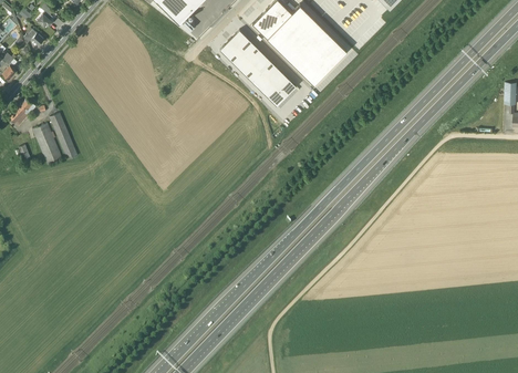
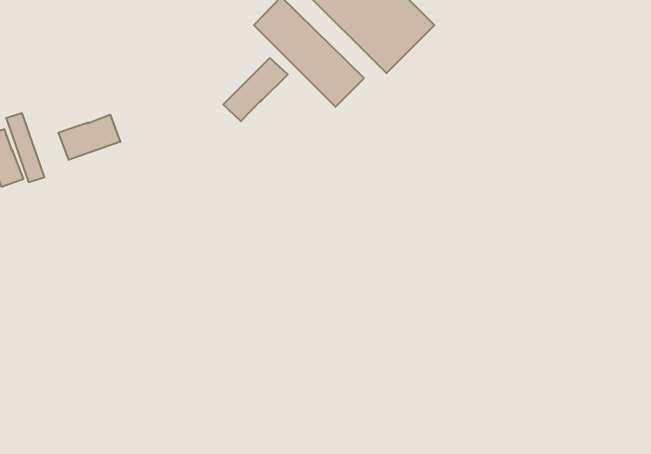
building: none -> [223,58,288,121]
building: none -> [58,115,120,160]

